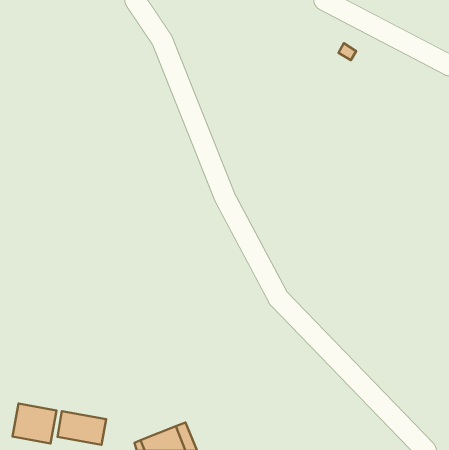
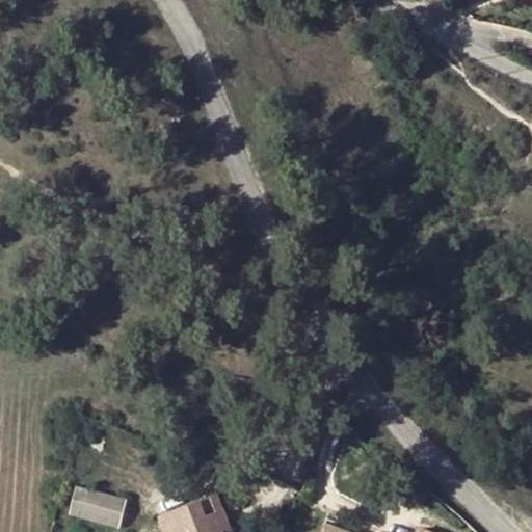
building: [12,404,56,443] -> none

